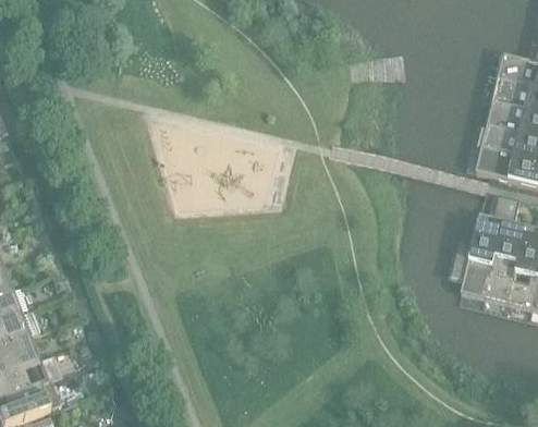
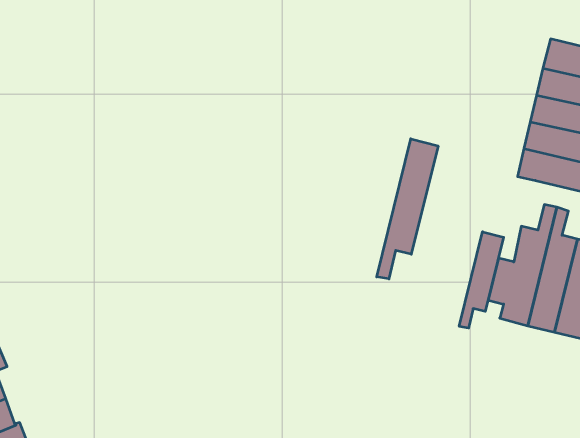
building: none -> [377,139,438,279]
building: none -> [459,232,504,328]

